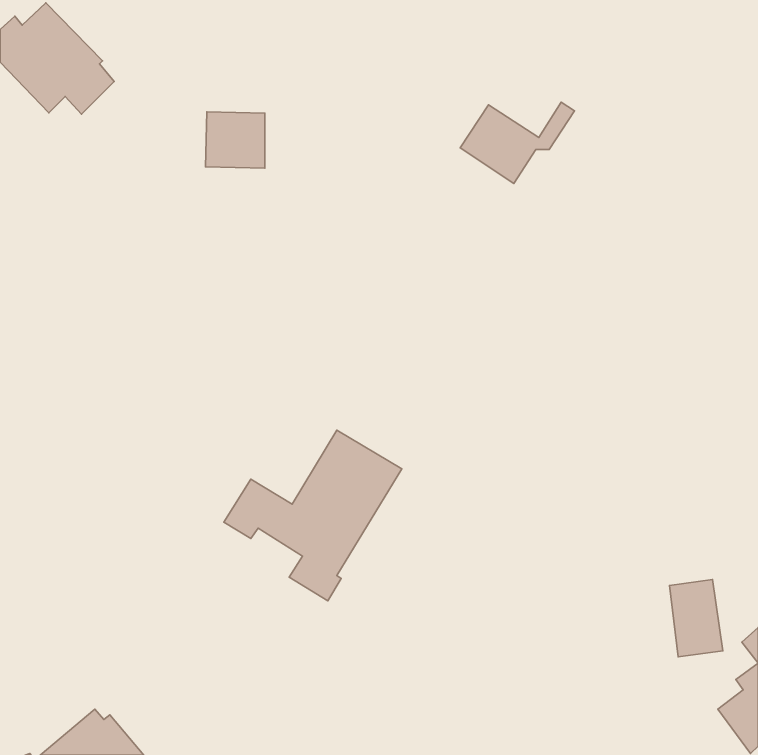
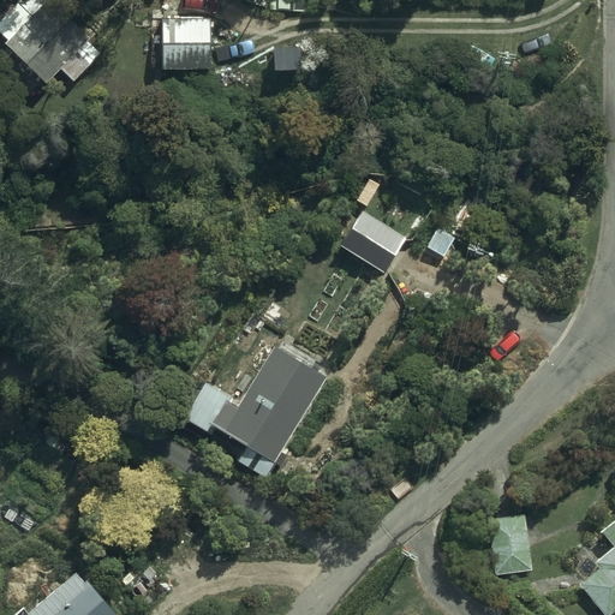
building: [460,102,575,184] -> [341,210,434,276]
building: [205,112,265,168] -> [163,10,211,55]
building: [669,580,723,657] -> [489,507,532,569]

